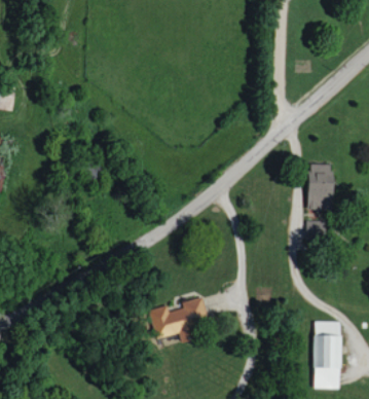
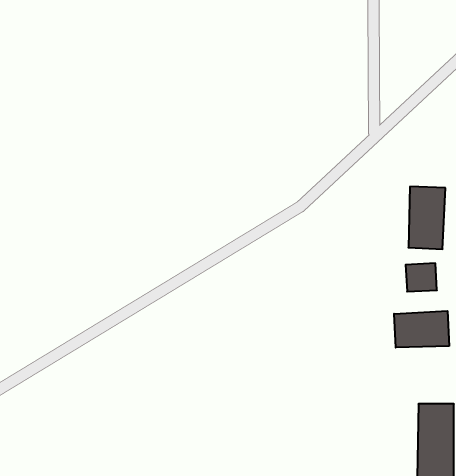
building: none -> [394,311,449,348]
building: [149,297,208,343] -> none

